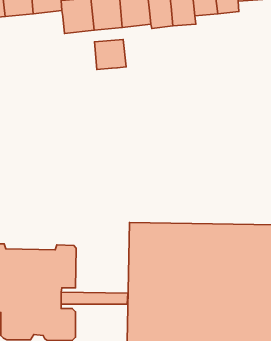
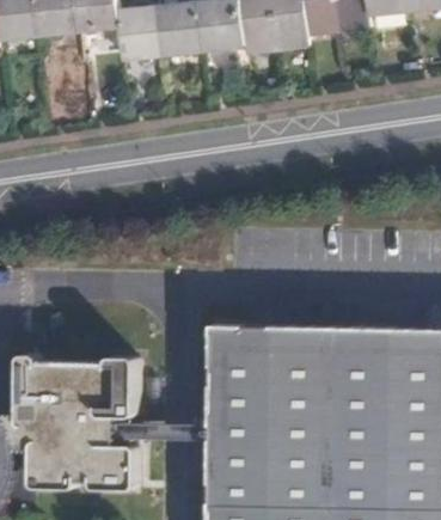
building: [95,39,126,70] -> none

